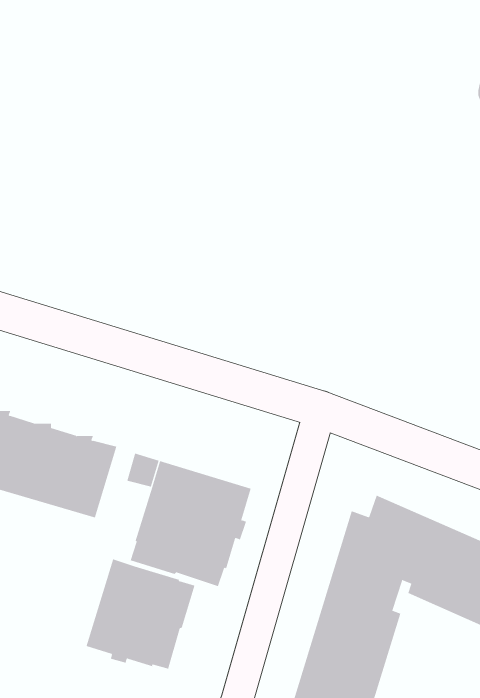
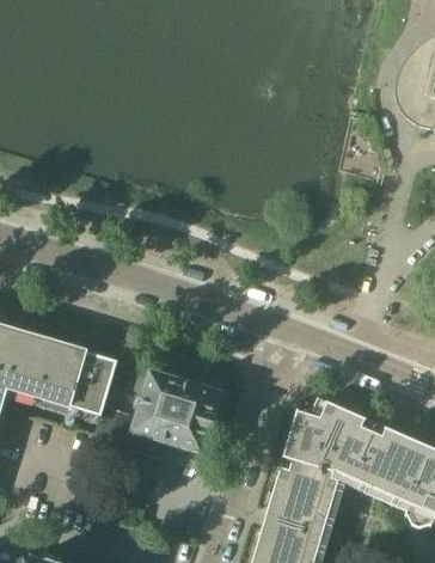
building: [86,559,195,670] -> none

